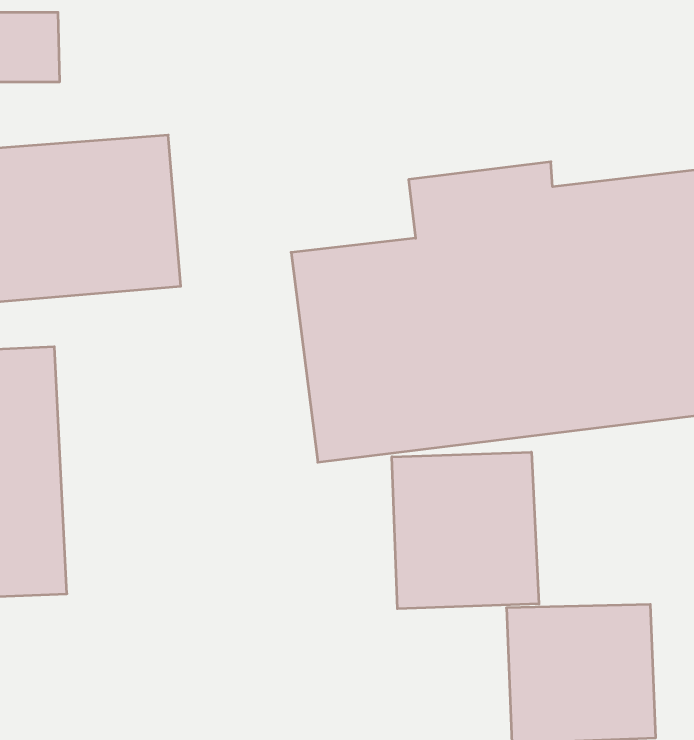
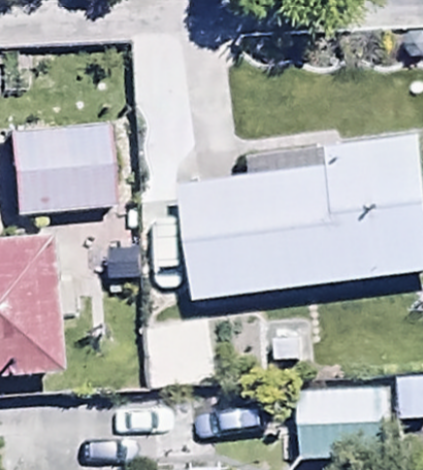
building: [392,452,539,609] -> none

